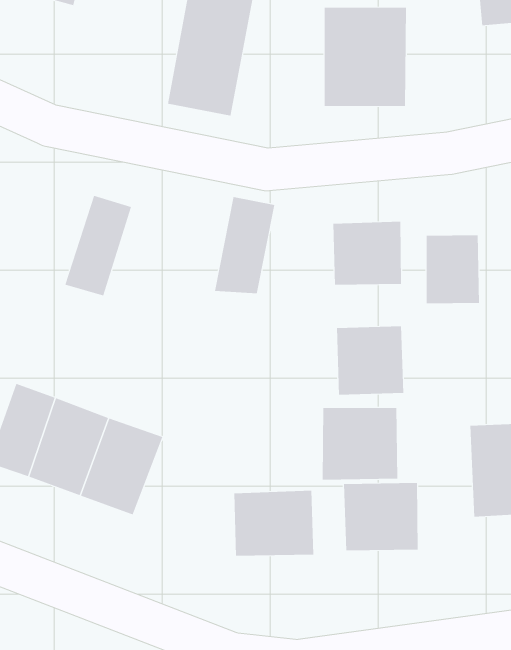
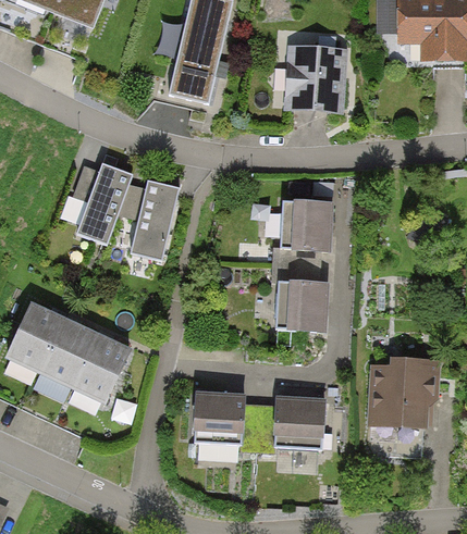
building: [214,197,275,294] -> [123,178,174,253]
building: [426,235,480,304] -> none
building: [322,407,398,481] -> none

